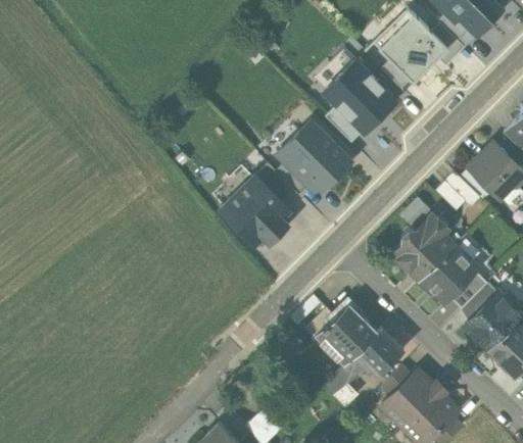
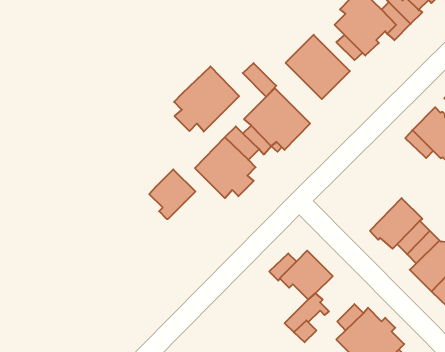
building: none -> [174,66,239,132]
building: [324,105,362,143] -> [243,63,276,97]
building: [434,171,479,210] -> none
building: none -> [149,169,195,219]
building: [391,214,454,281] -> none
building: [356,327,402,372] -> none

